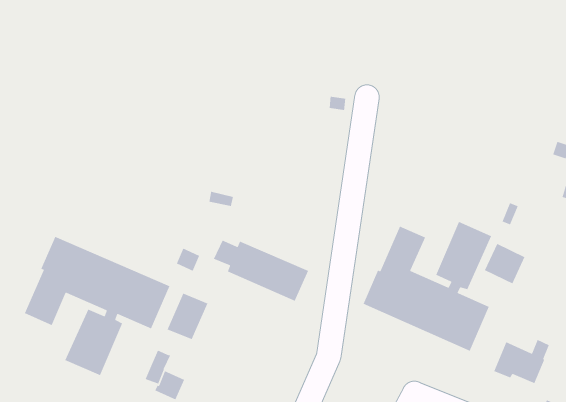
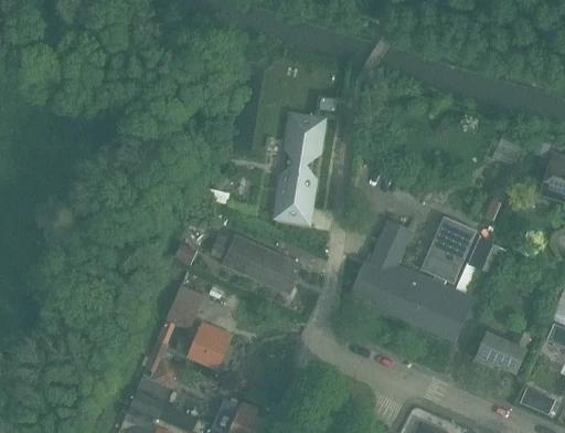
building: none -> [275,114,324,223]
building: [24,236,171,376] -> none
building: none -> [177,323,233,369]

